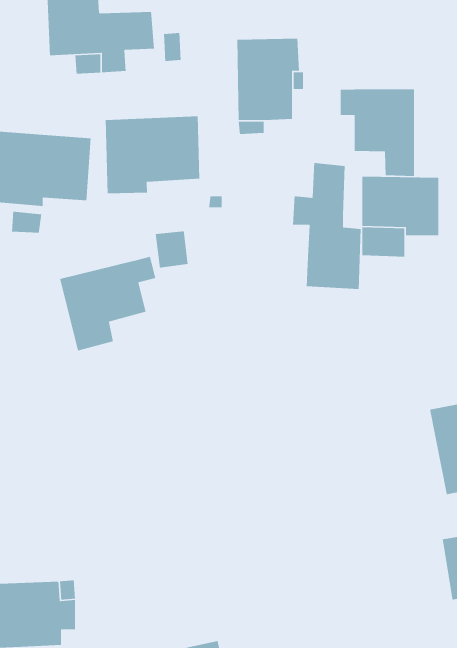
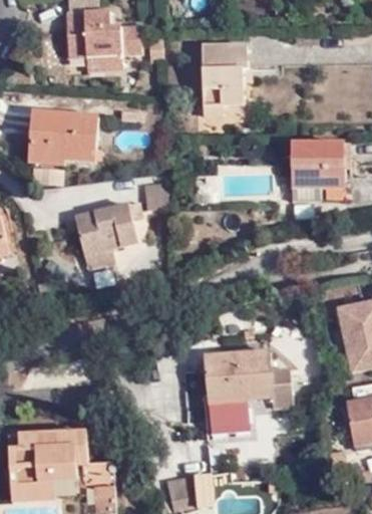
building: [340,88,415,177] -> none
building: [105,115,200,194] -> none
building: [292,162,362,290] -> none
building: none -> [203,350,291,435]

